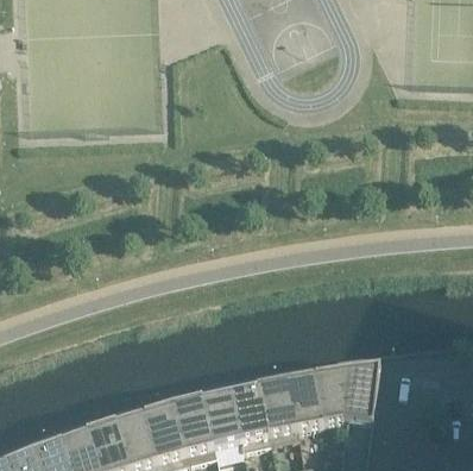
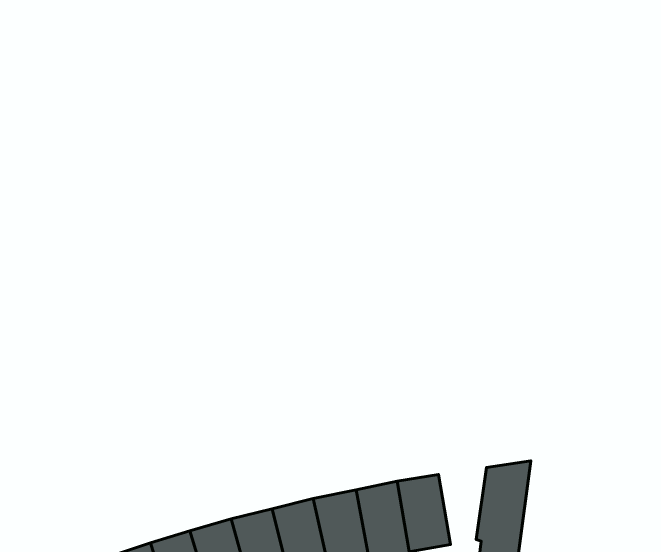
building: [315,366,348,420] -> none

